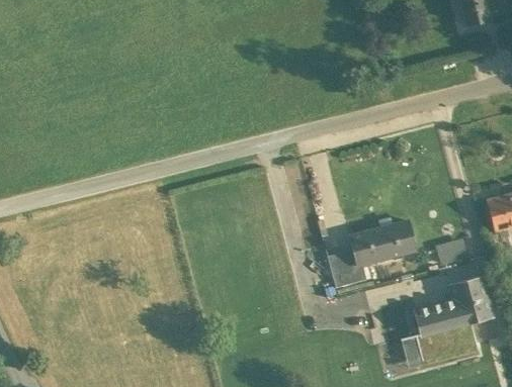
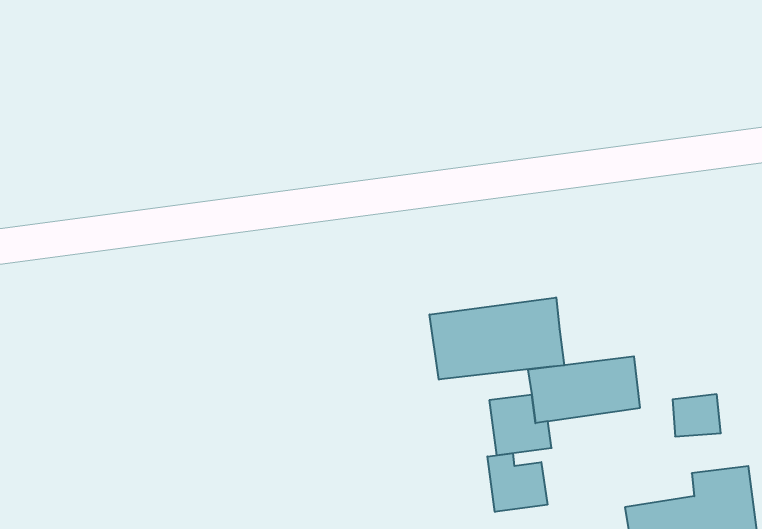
building: none -> [430,297,564,380]
building: none -> [487,453,547,512]

